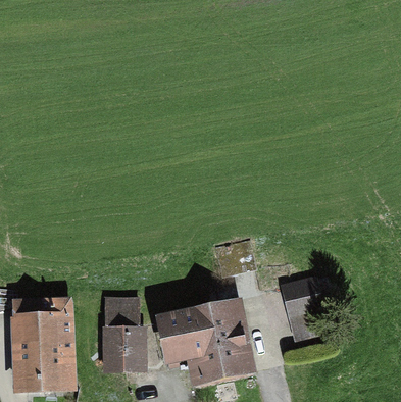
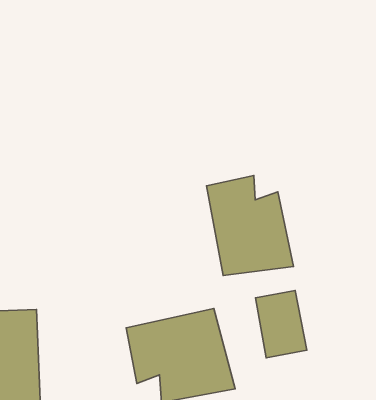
building: none -> [207,176,293,276]
building: [100,300,145,372] -> none

